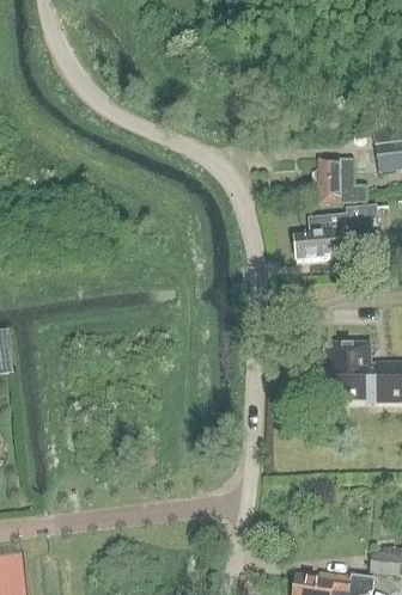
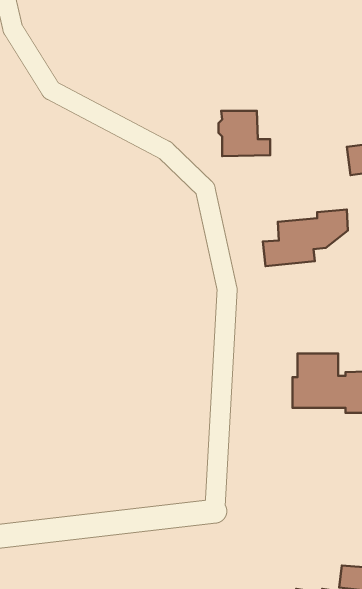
building: [315,158,365,202] -> [219,111,270,156]

